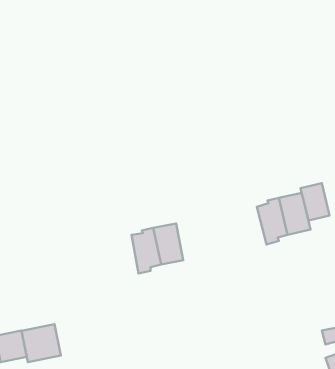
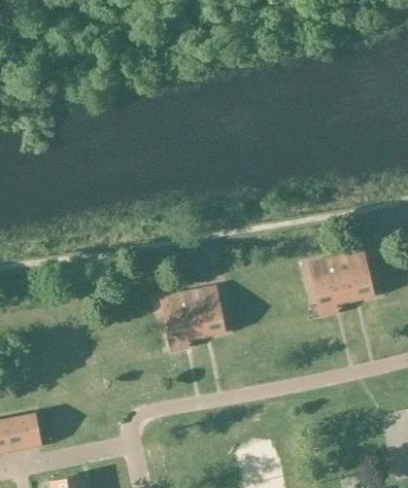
building: [301,183,329,221] -> none
building: [22,324,61,362] -> none

